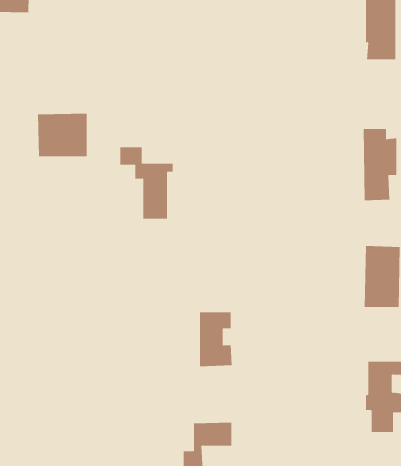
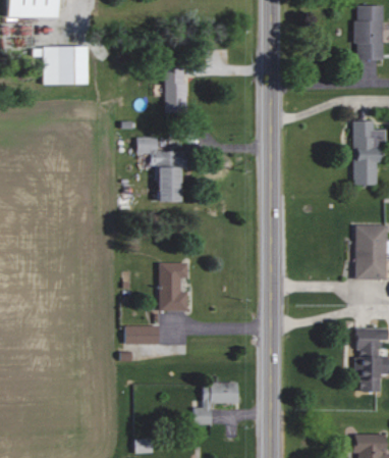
building: none -> [165,66,186,111]
building: [37,113,87,157] -> [43,45,88,84]
building: [199,312,233,367] -> [159,262,188,311]
building: none -> [125,325,159,344]

